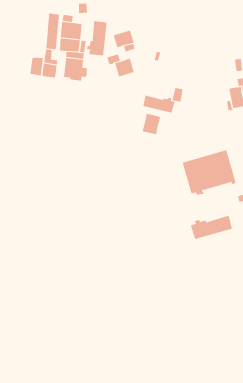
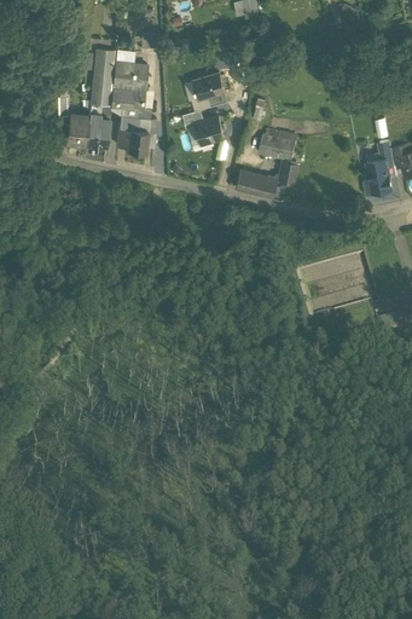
building: [87,20,107,56] -> none
building: none -> [257,134,295,160]
building: [142,113,161,135] -> none
building: [190,215,233,240] -> none

